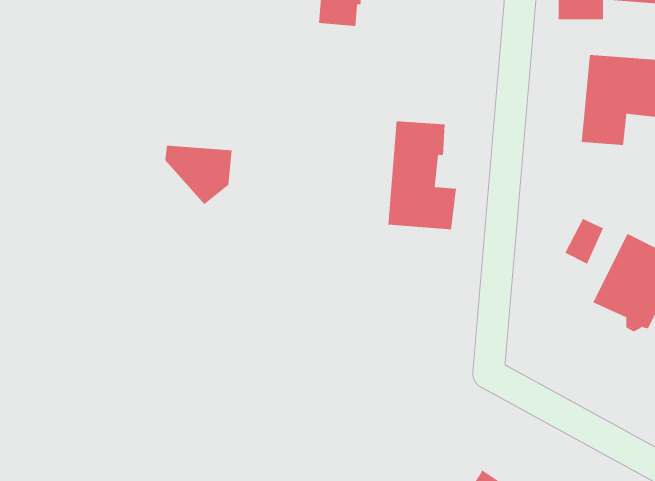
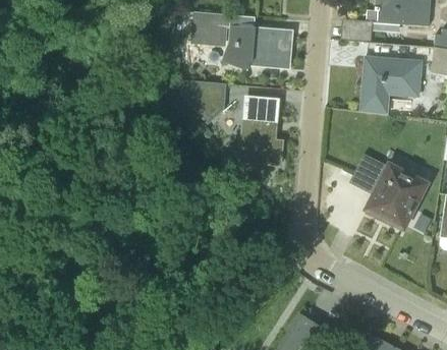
building: none -> [228,27,290,69]
building: [165,145,232,205] -> [178,84,220,121]

